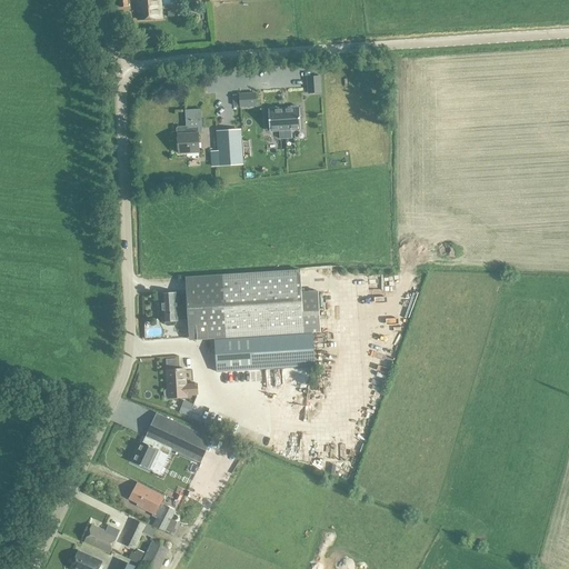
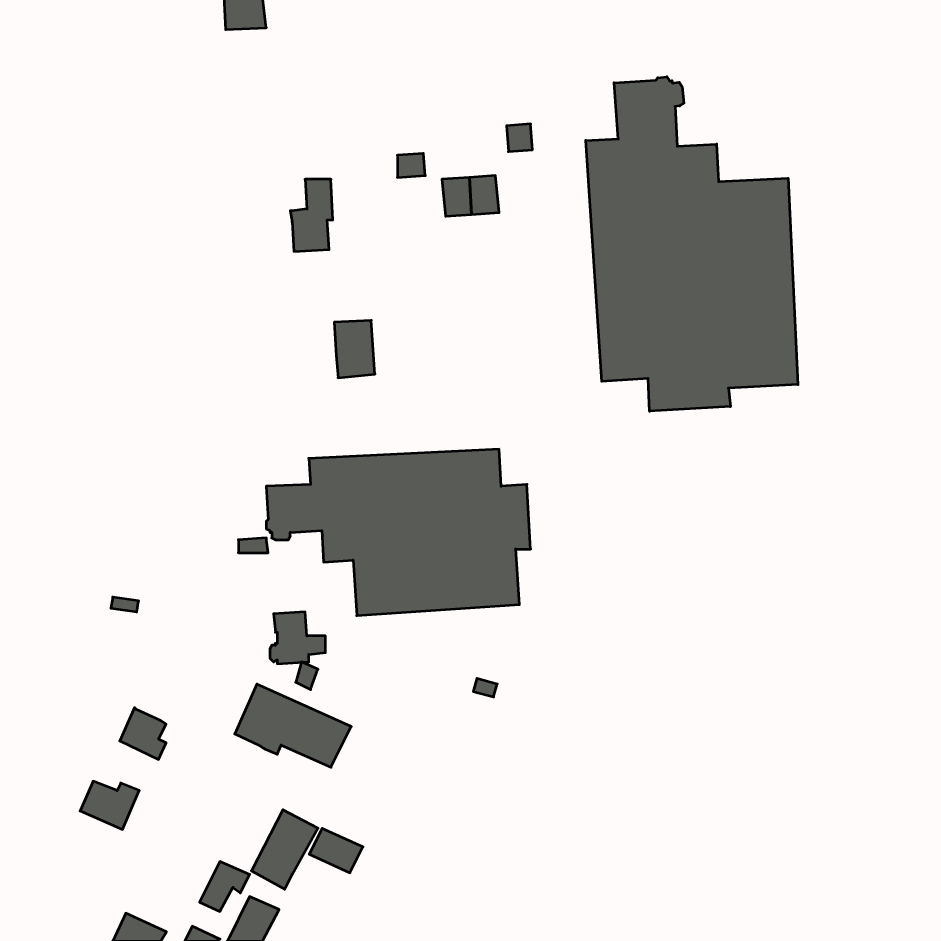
building: none -> [586,77,798,411]
building: [216,129,240,163] -> [334,320,375,378]
building: [131,440,159,471] -> [120,708,166,759]
building: [130,485,162,511] -> [309,828,363,873]
building: [82,523,118,552] -> [80,781,139,829]

